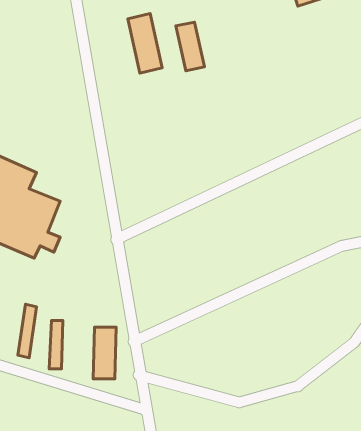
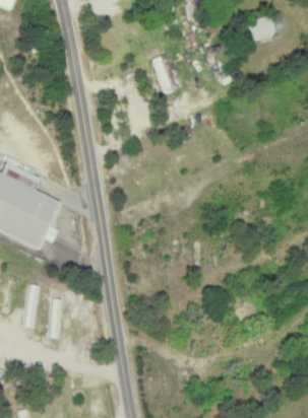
building: [128,13,162,73] -> none
building: [93,327,116,379] -> none

